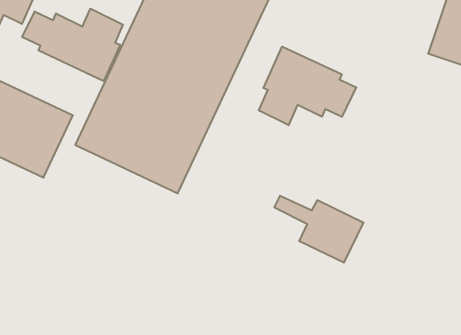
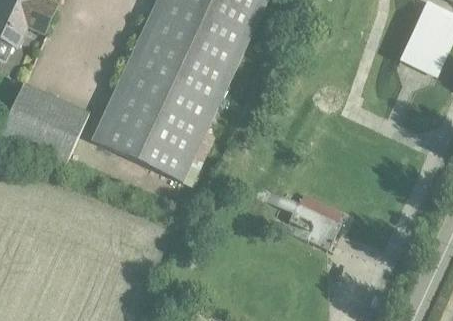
building: [22,9,123,81] -> none
building: [259,47,356,125] -> none

